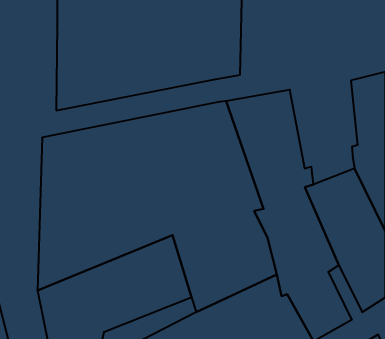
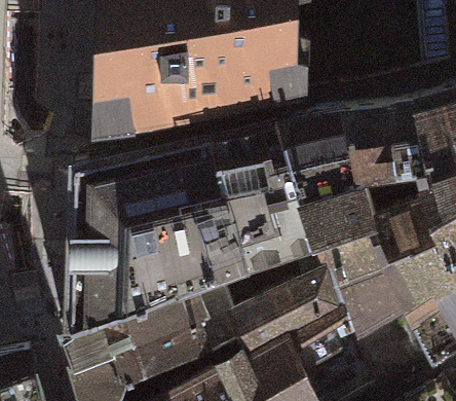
building: none -> [350,105,424,202]

